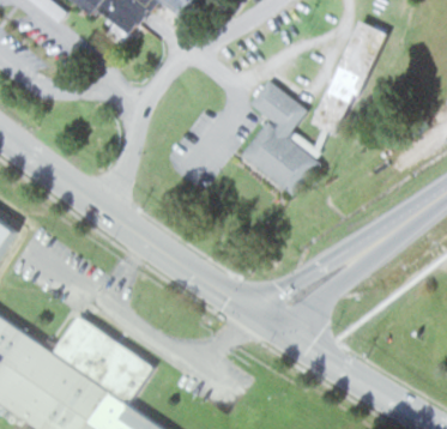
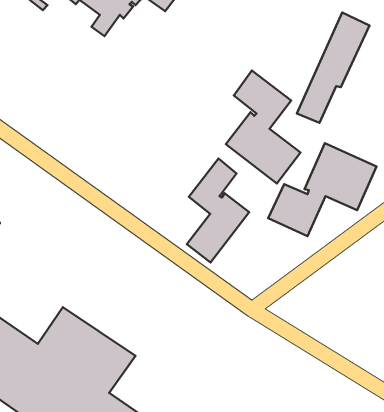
building: none -> [268,143,377,236]
building: none -> [187,158,249,262]

